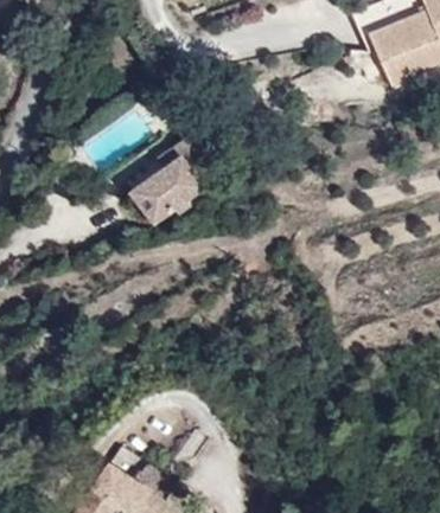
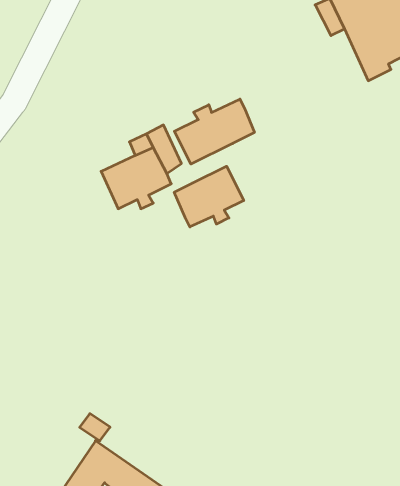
building: none -> [174,99,254,164]
building: none -> [174,166,244,227]

